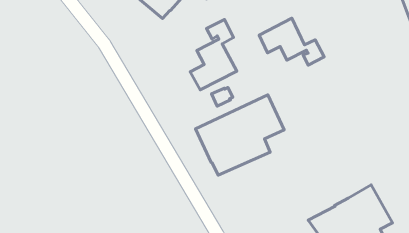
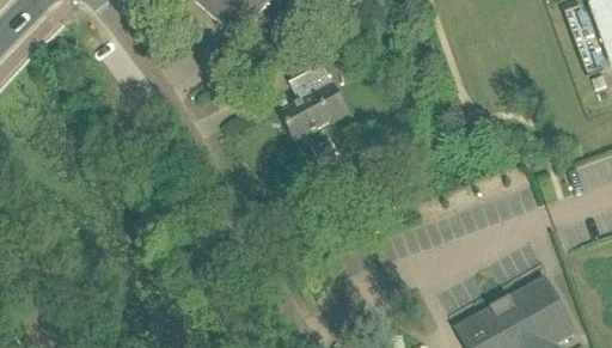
building: [259,18,324,65] -> none
building: [196,95,284,175] -> none

